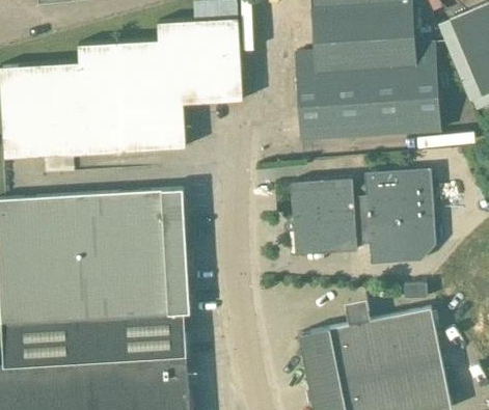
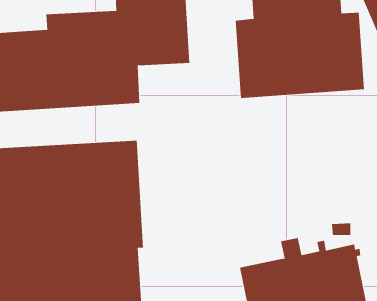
building: [291,168,436,264] -> none

